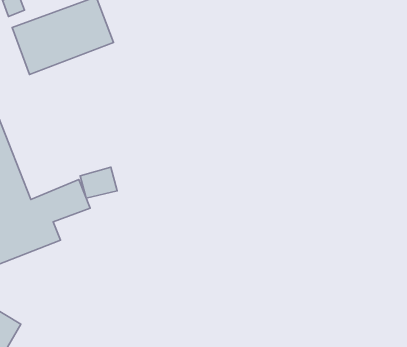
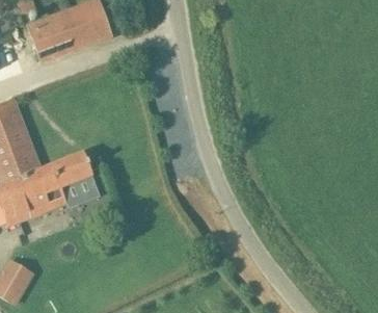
building: [80,167,117,198] -> [66,178,98,204]

